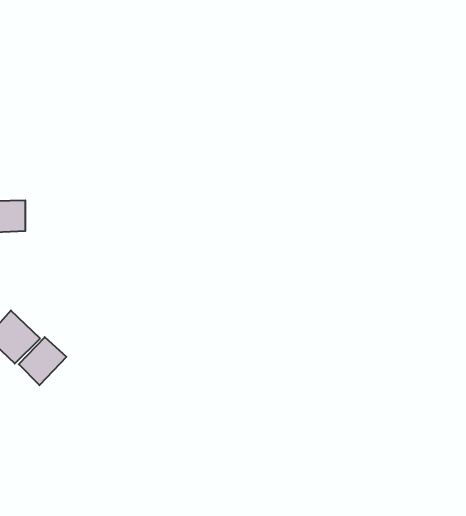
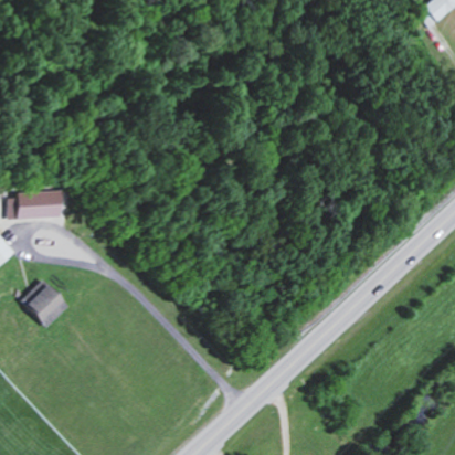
building: [19,337,66,385] -> none

